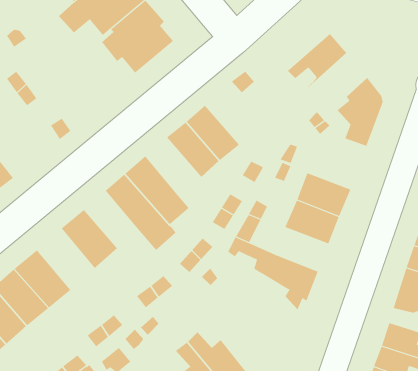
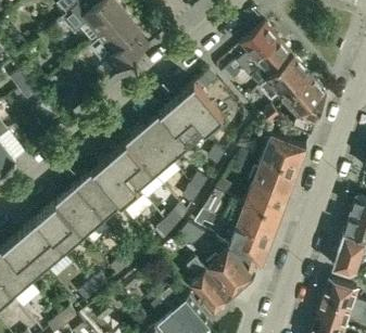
building: none -> [224,24,280,81]
building: none -> [260,56,311,104]
building: none -> [176,85,227,139]
building: none -> [126,127,173,176]
building: none -> [261,133,306,170]
building: none -> [75,171,121,219]
building: none -> [235,202,279,239]
building: none -> [36,203,84,254]
building: none -> [206,248,251,294]
building: none -> [187,259,227,312]

